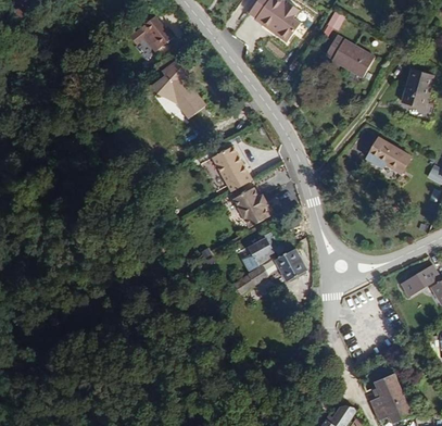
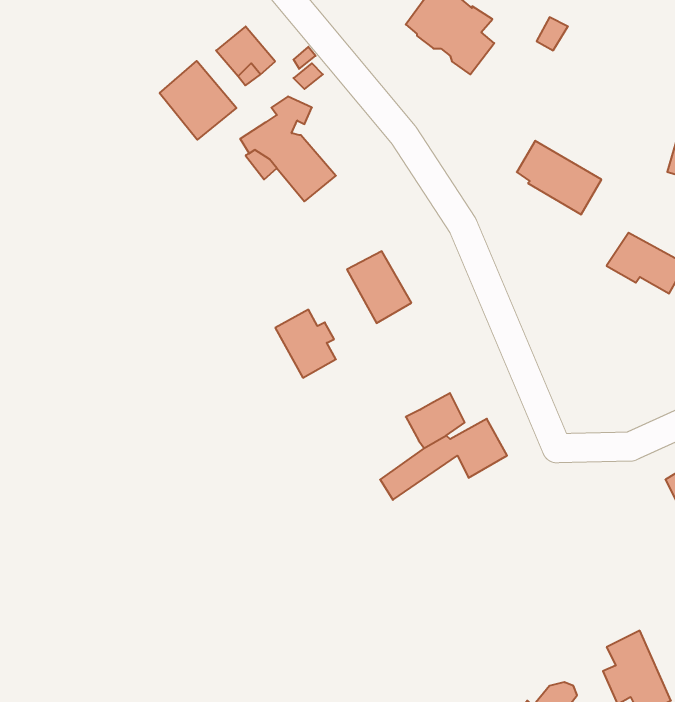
building: [326,35,376,78] -> [517,141,601,214]
building: none -> [160,61,236,140]
building: [232,187,268,227] -> [275,310,336,378]

